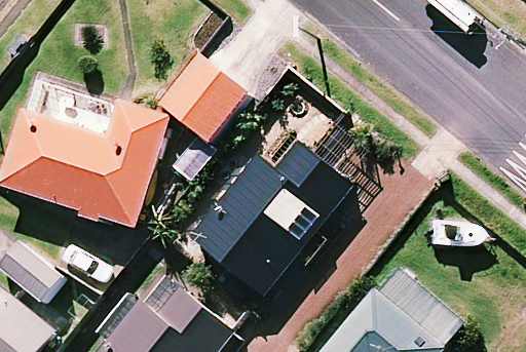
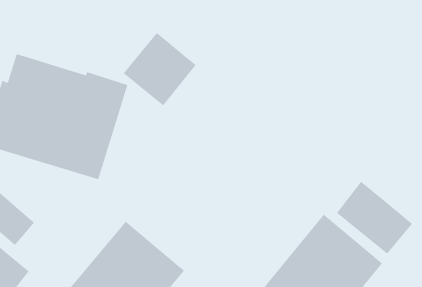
building: [190,127,349,295] -> none
building: none -> [336,181,413,255]

